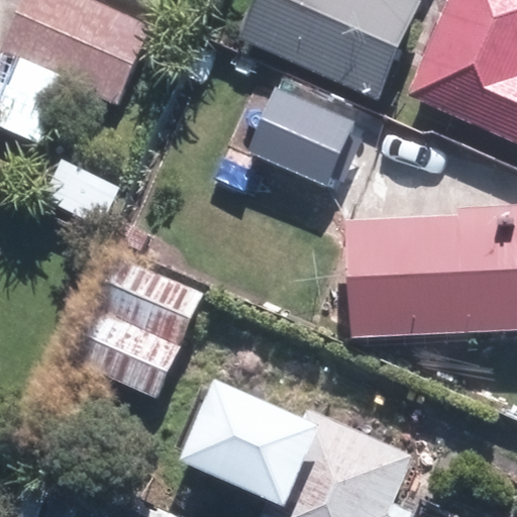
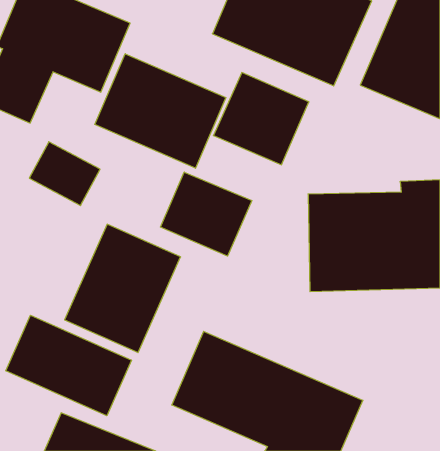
building: none -> [95,54,226,168]
building: none -> [160,172,252,256]
building: none -> [6,315,131,416]

